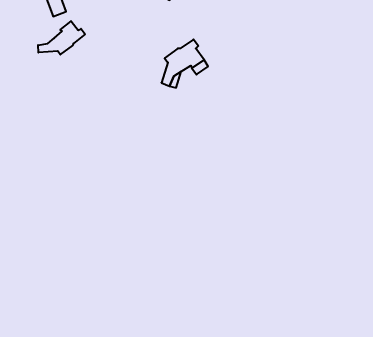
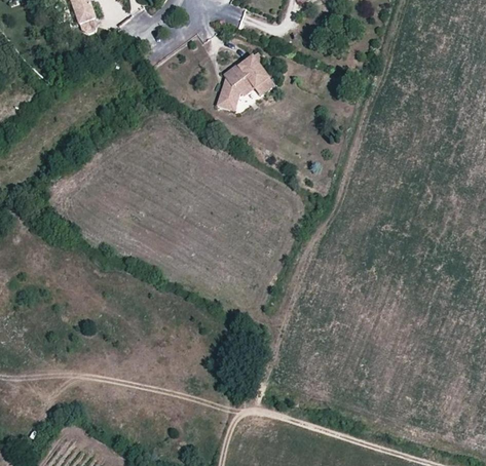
building: [38,21,85,55] -> none

